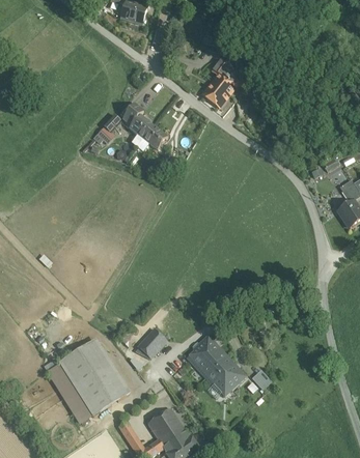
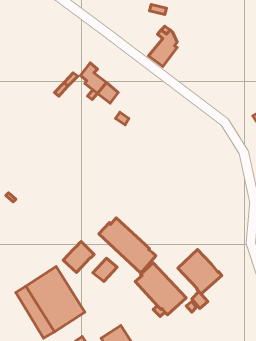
building: none -> [99,218,156,273]
building: none -> [63,241,94,273]
building: none -> [178,250,222,294]

